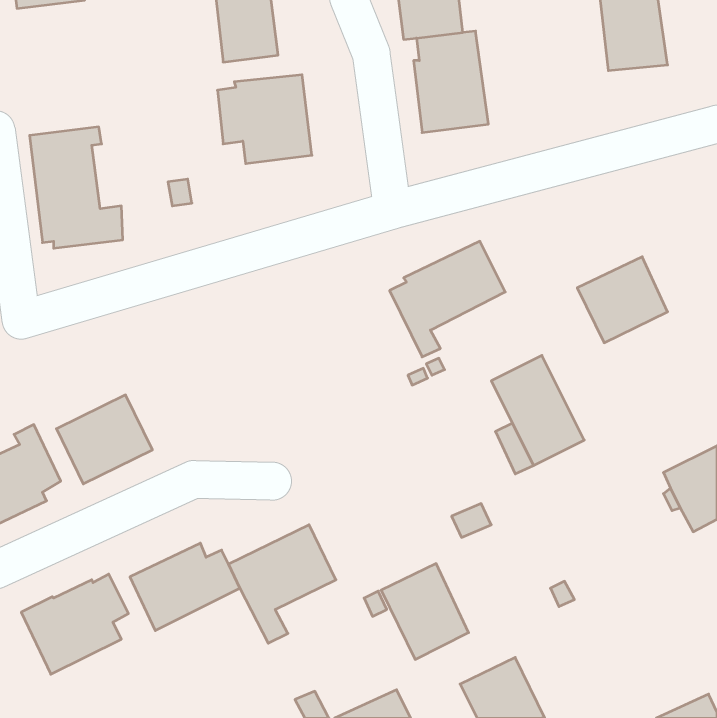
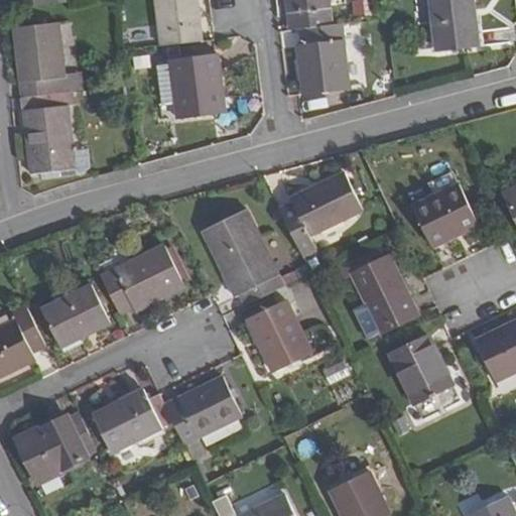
building: none -> [13,22,82,97]
building: none -> [203,209,283,304]
building: none -> [101,243,183,313]
building: none -> [389,335,461,418]
building: [381,564,469,659] -> [248,300,310,369]

